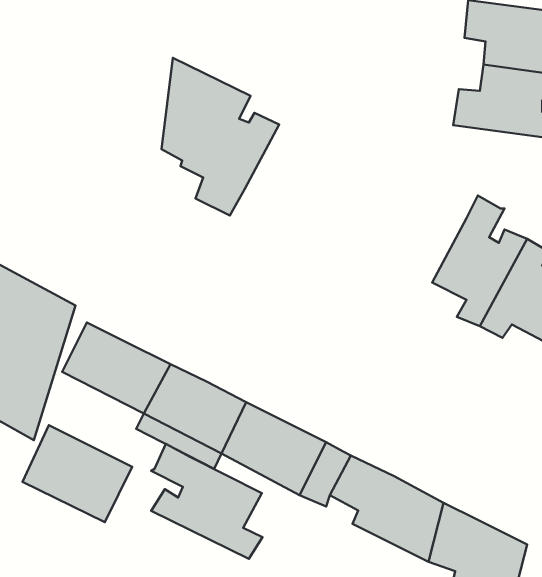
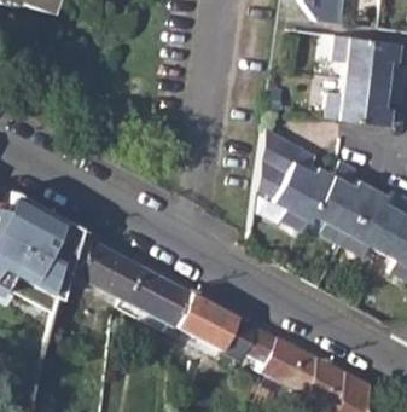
building: [161,58,279,215] -> [258,133,333,233]
building: [22,425,132,522] -> none
building: [151,444,263,559] -> none

